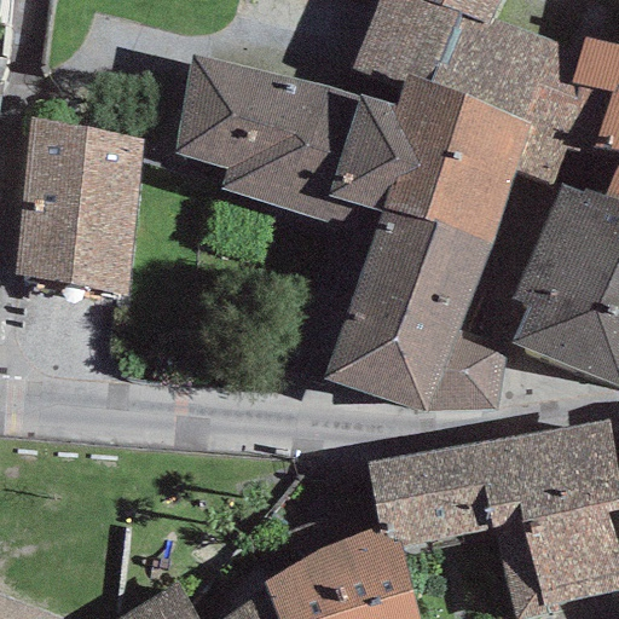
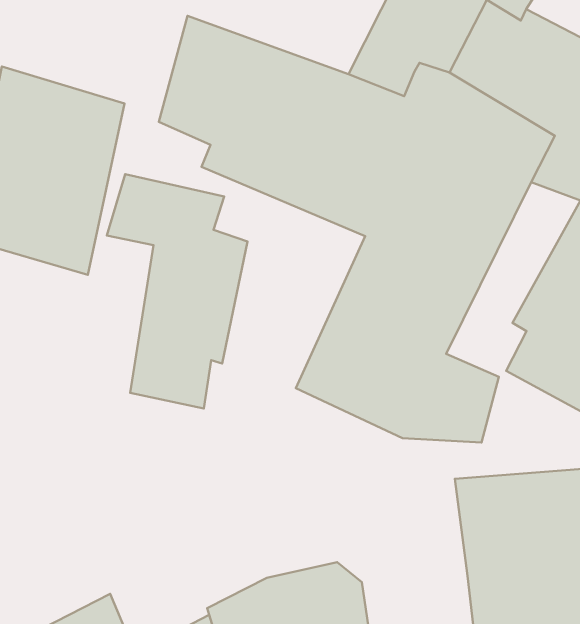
building: none -> [107,174,248,409]
building: [366,445,496,546] -> none

